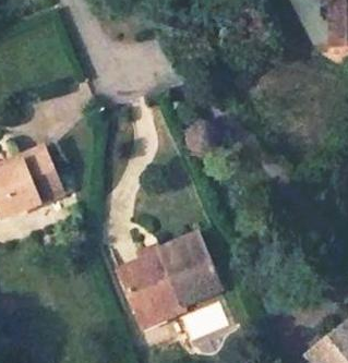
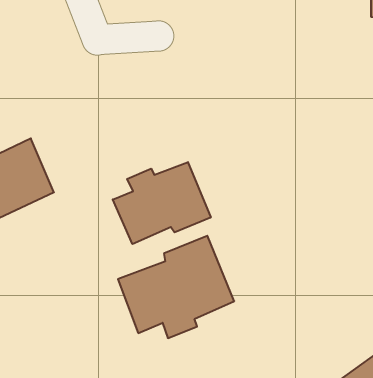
building: none -> [113,162,211,244]

